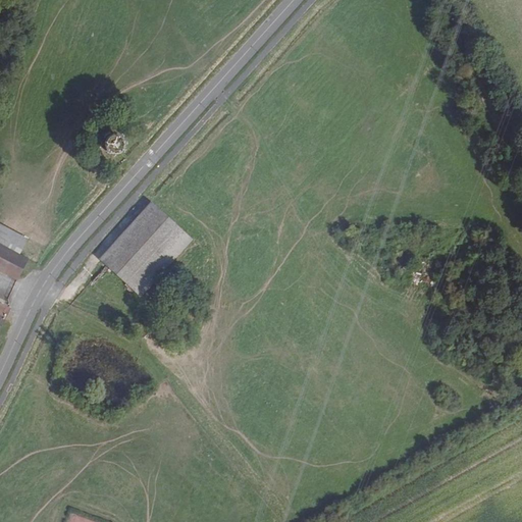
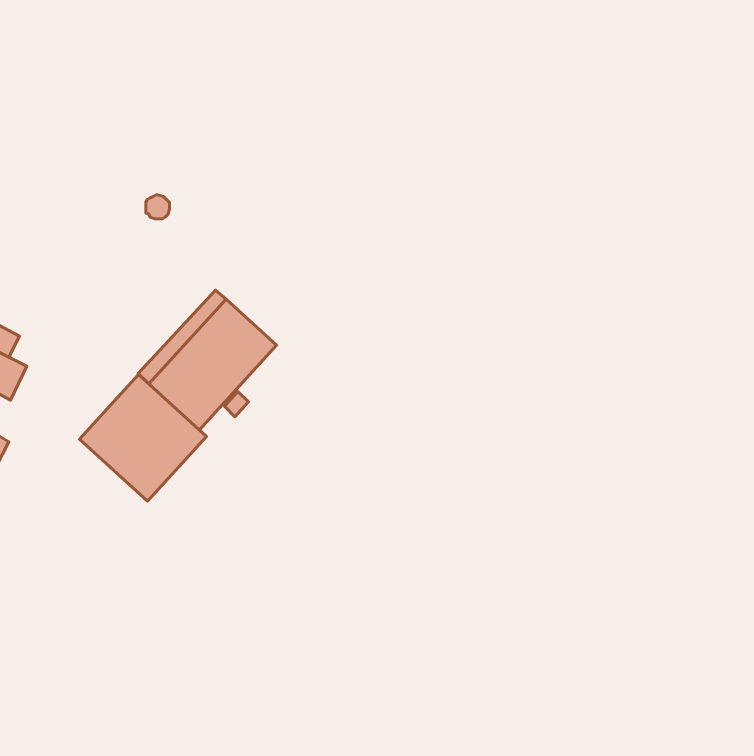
building: none -> [79,374,206,501]

